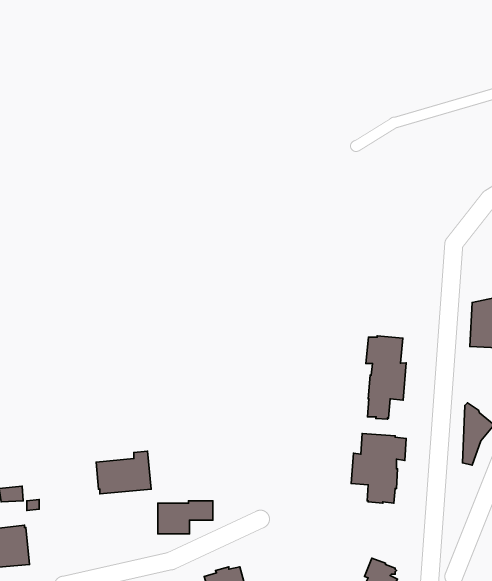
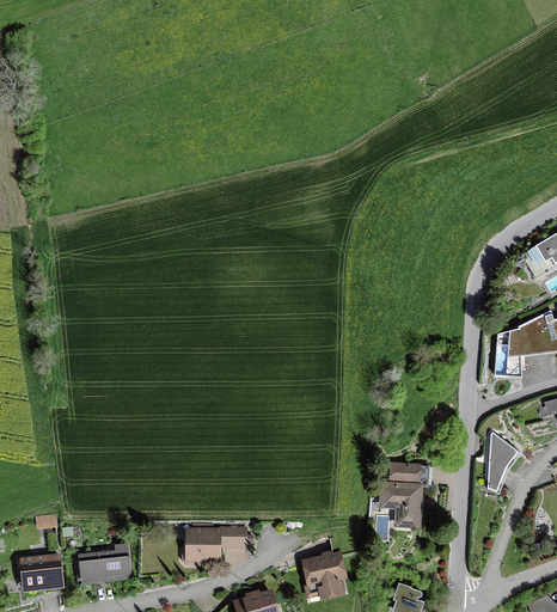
building: [366,336,406,419] -> none
building: [96,451,151,494] -> [78,543,131,585]
building: none -> [305,553,345,596]

